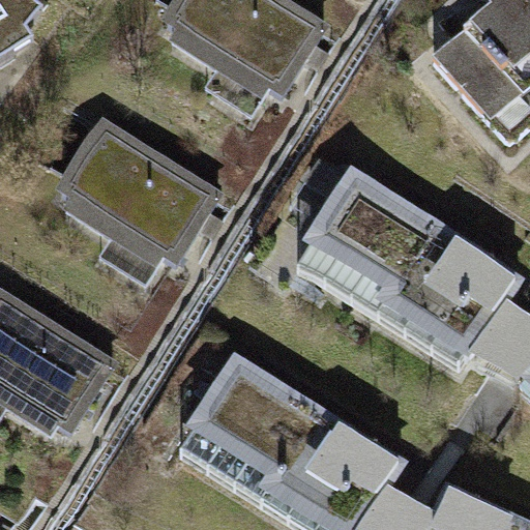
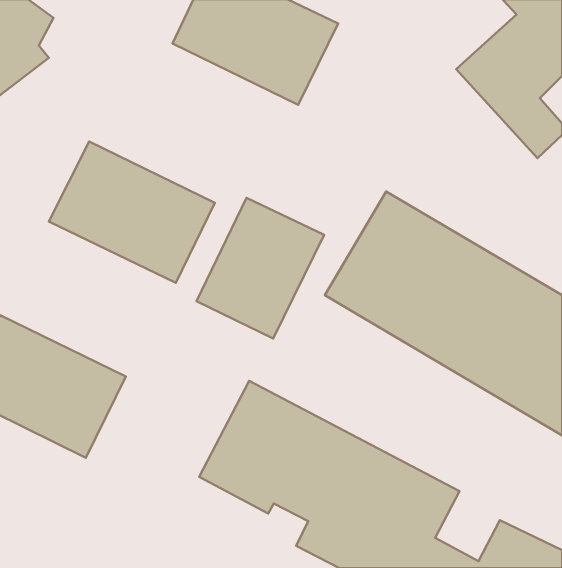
building: none -> [197,198,324,339]

